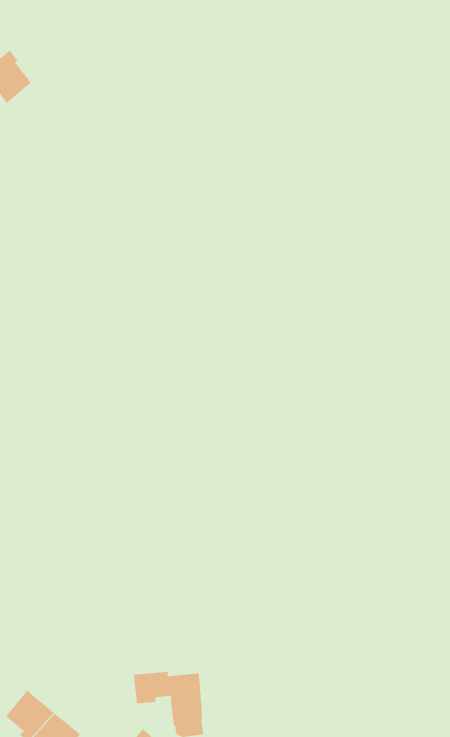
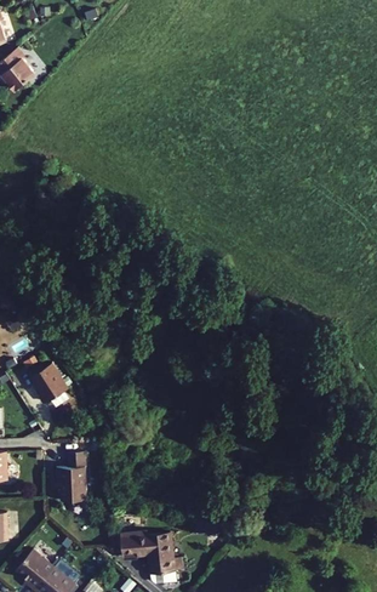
building: none -> [32,365,70,406]
building: none -> [56,456,87,501]

